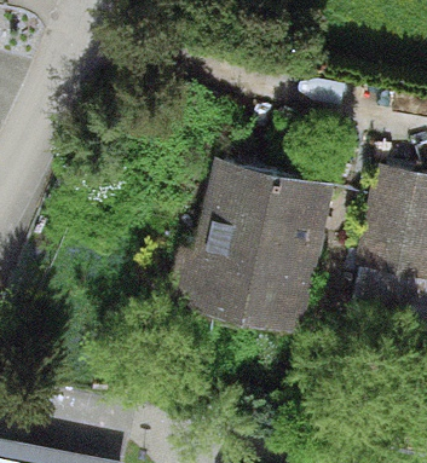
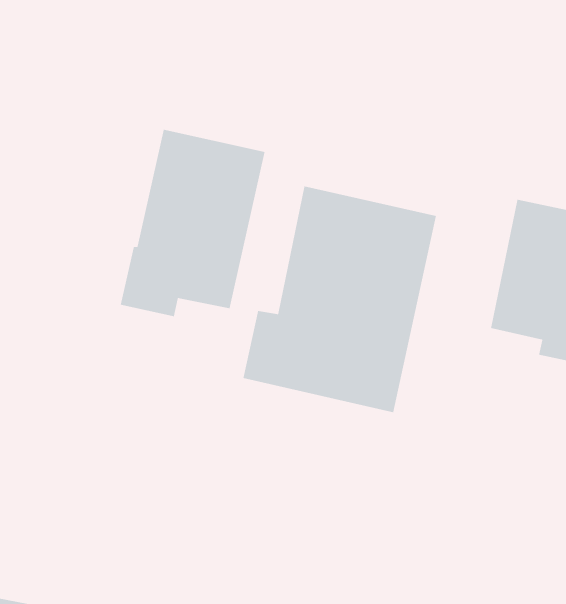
building: none -> [120,129,266,317]

